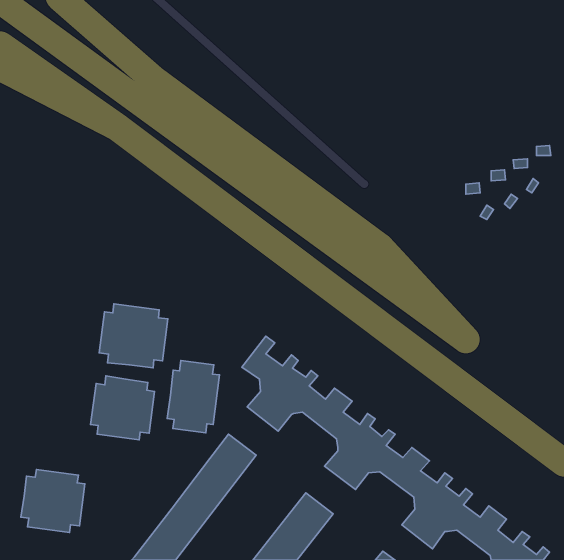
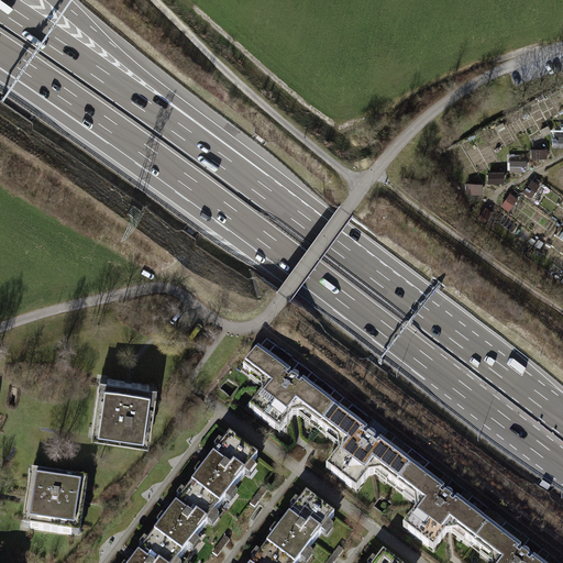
building: [99,304,168,368] -> none
building: [167,361,220,433] -> none

